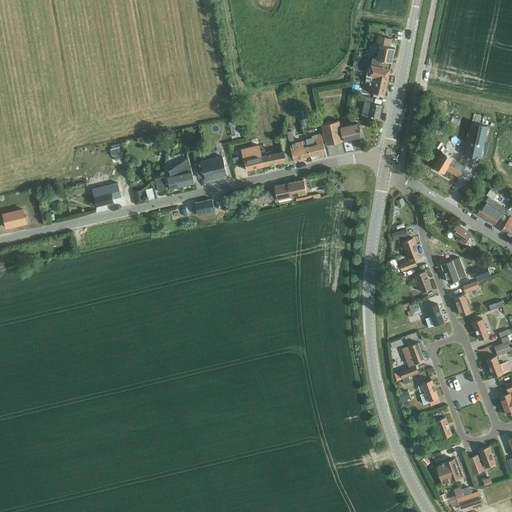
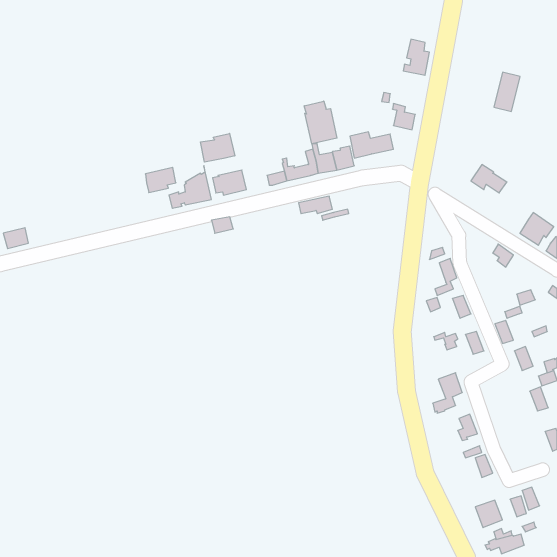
building: [365,65,390,95] -> none
building: none -> [304,101,337,144]
building: none -> [201,133,235,162]
building: [463,123,487,159] -> [494,72,520,111]
building: [93,183,121,206] -> [145,167,176,193]
building: [442,258,466,282] -> none

